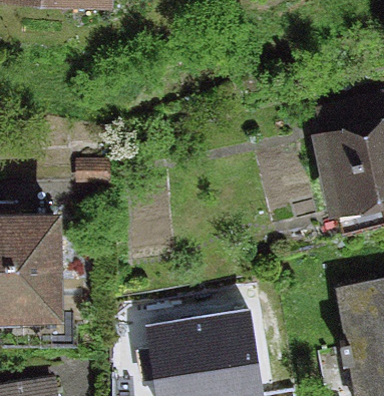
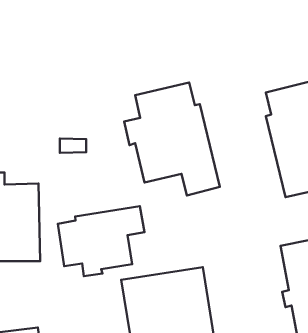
building: none -> [124,83,220,195]
building: none -> [58,206,145,276]

